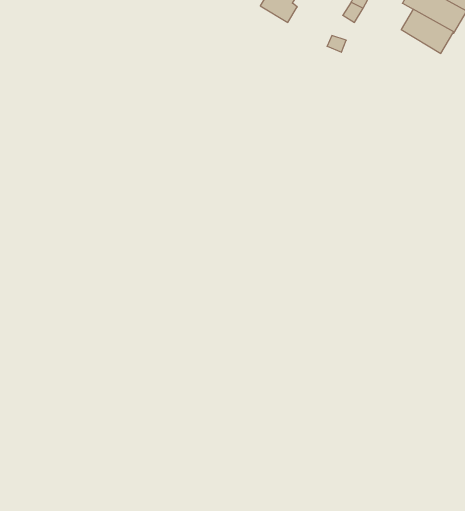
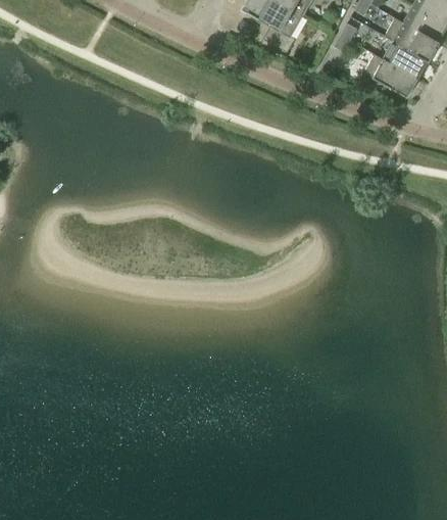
building: none -> [365,52,418,95]

